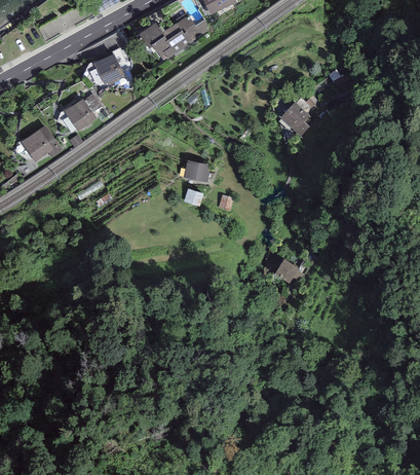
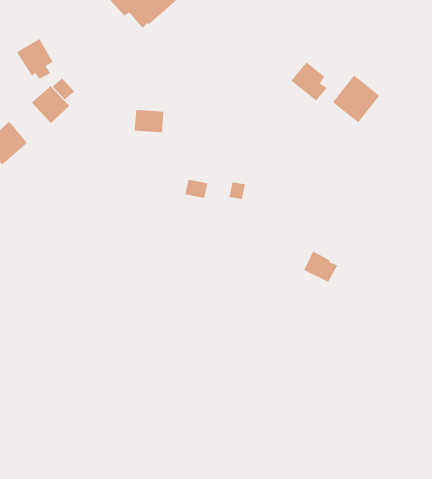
building: [92,54,122,88] -> [16,38,54,79]
building: none -> [332,75,380,123]
building: [183,160,209,182] -> [134,110,164,133]

